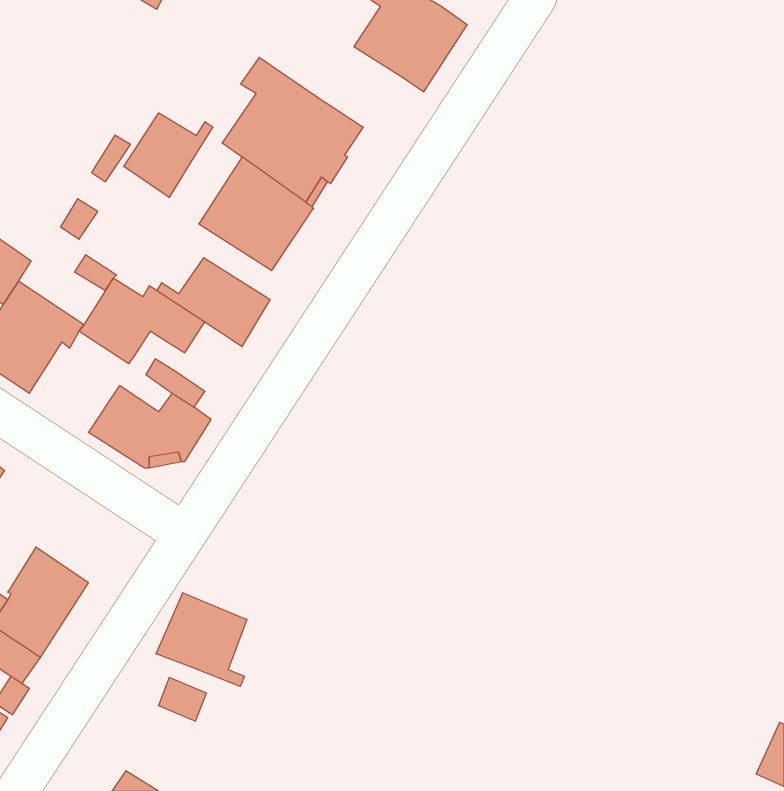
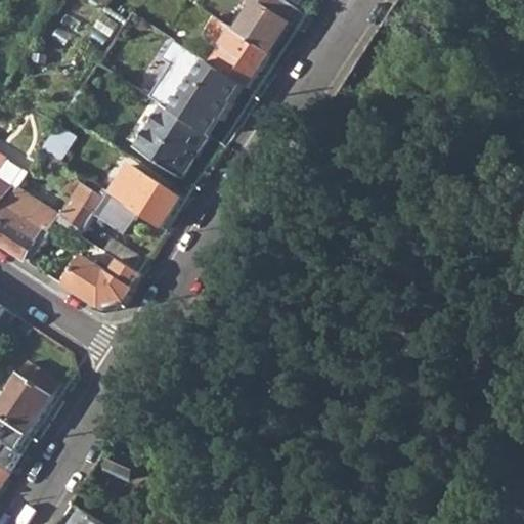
building: none -> [202,16,266,86]
building: [124,113,213,197] -> none
building: [156,593,247,686] -> none

